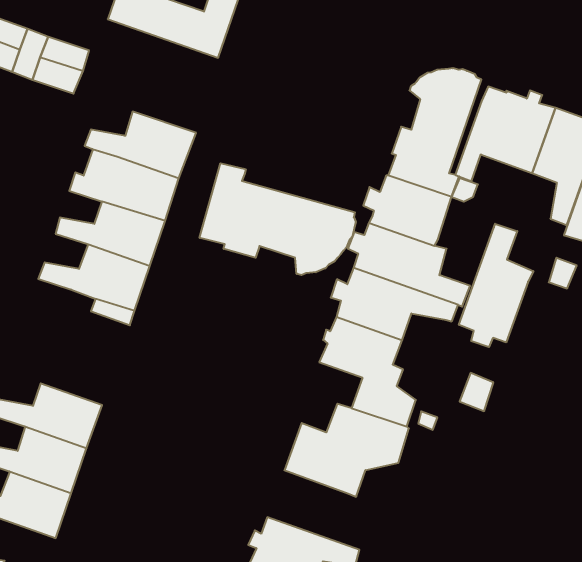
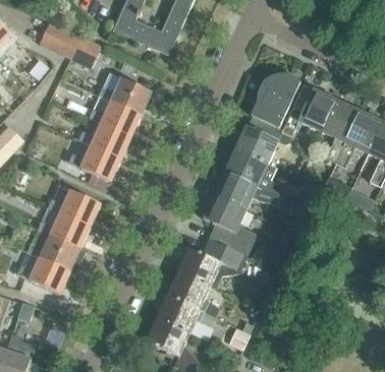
building: [200,163,356,275] -> none
building: [459,224,533,347] -> none
building: none -> [43,191,100,229]
building: none -> [169,271,219,316]

